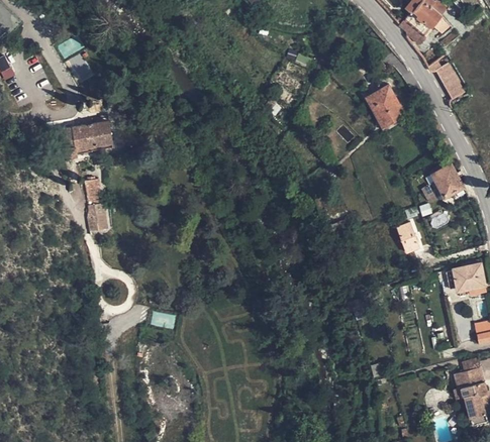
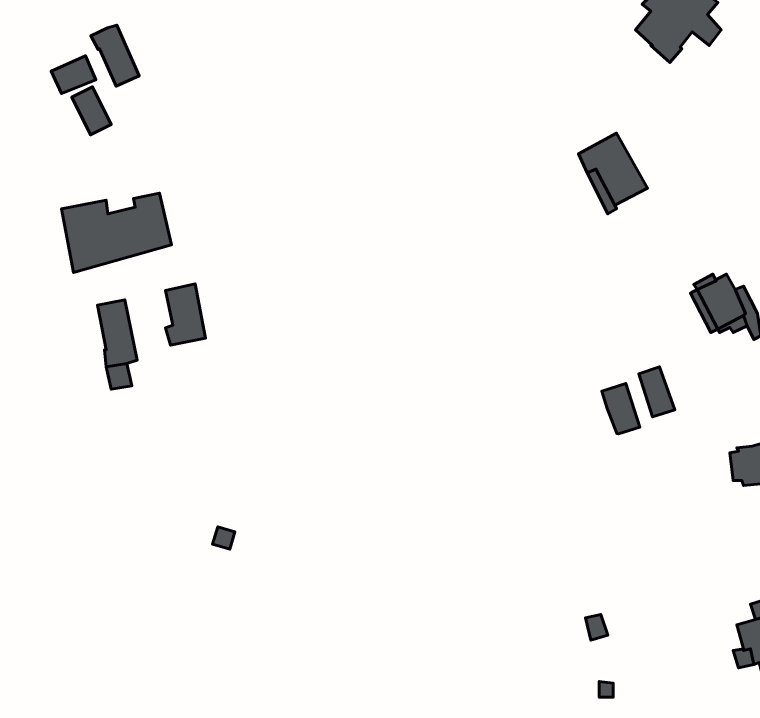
building: none -> [91,25,139,86]
building: [424,59,462,99] -> none
building: none -> [165,284,205,345]
building: none -> [602,384,640,434]

